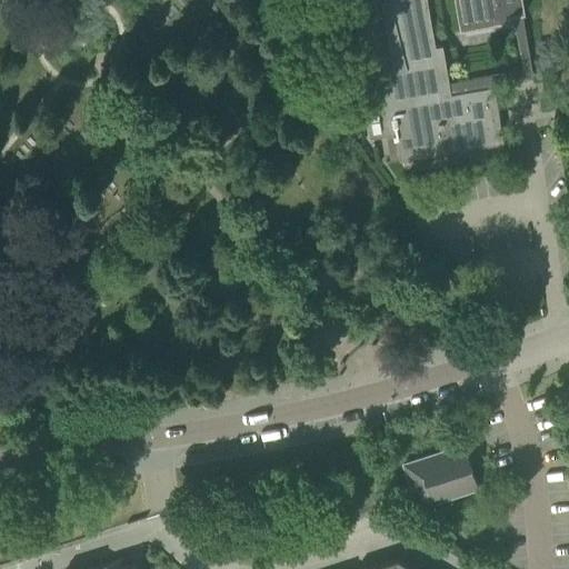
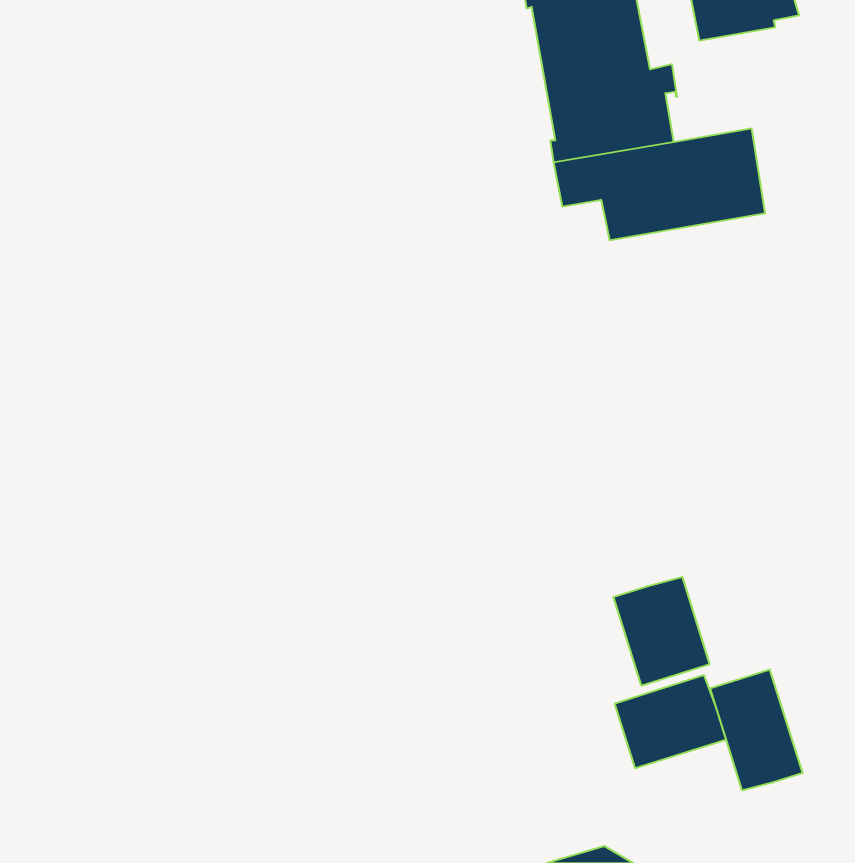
building: none -> [613,577,709,686]
building: none -> [710,669,802,790]

